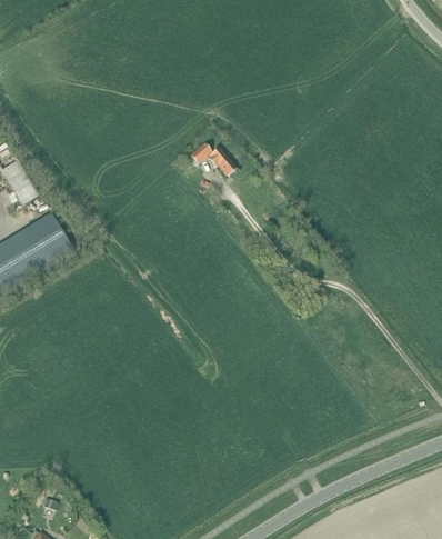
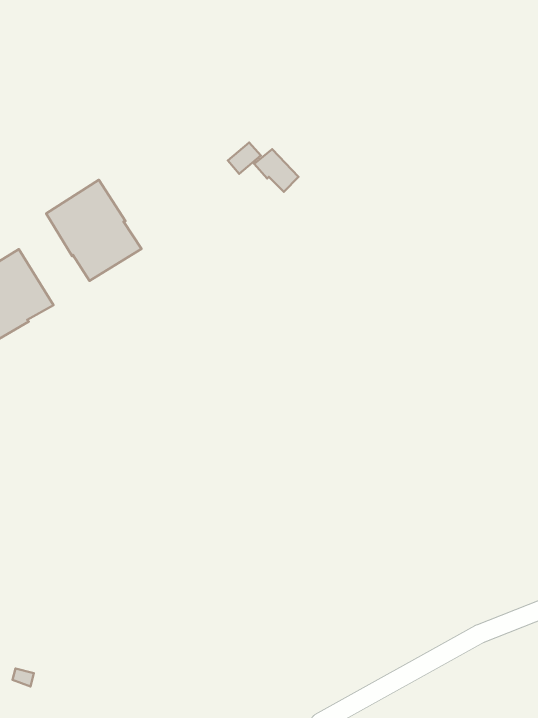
building: none -> [46,180,141,281]

